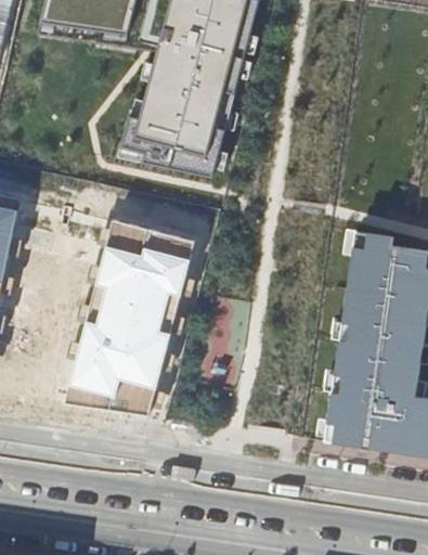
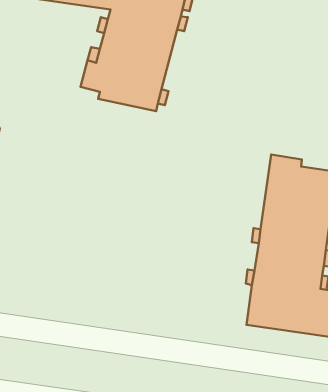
building: [66,219,195,413] -> none

